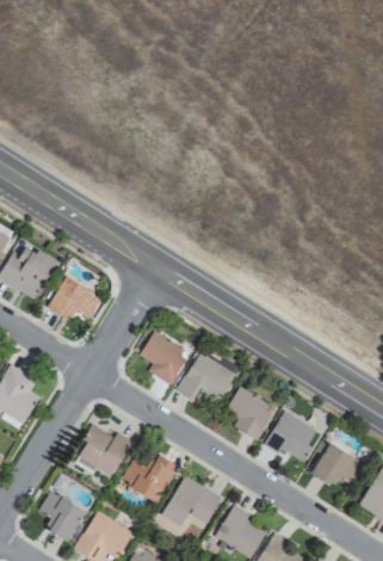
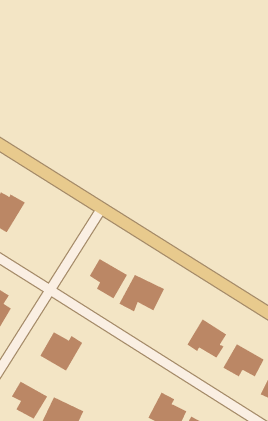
building: [48,277,103,321] -> none
building: [227,387,277,440] -> none
building: [121,454,179,503] -> none
building: [161,475,222,526] -> none

